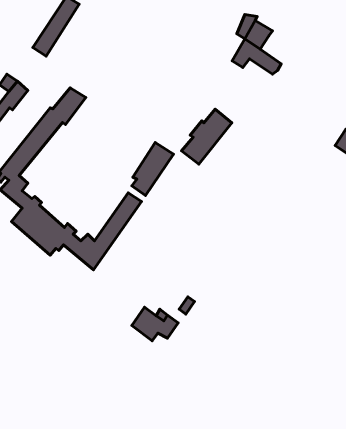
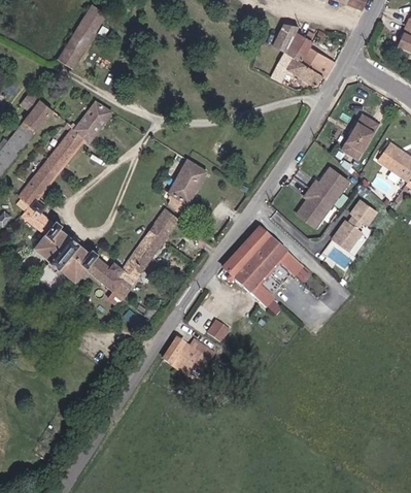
building: none -> [299,46,332,77]
building: none -> [341,118,379,164]
building: [182,109,232,164] -> [296,171,349,230]
building: none -> [331,204,377,256]
building: none -> [224,231,302,308]

